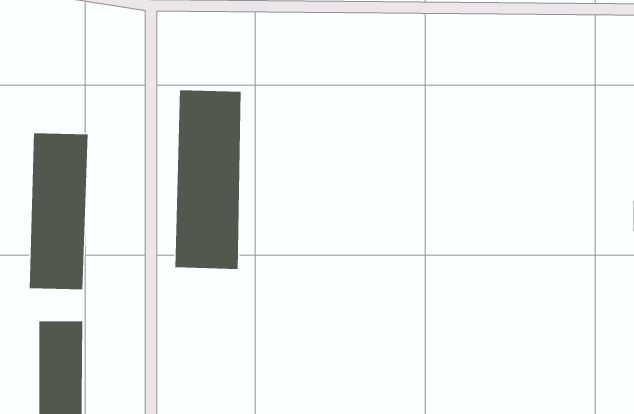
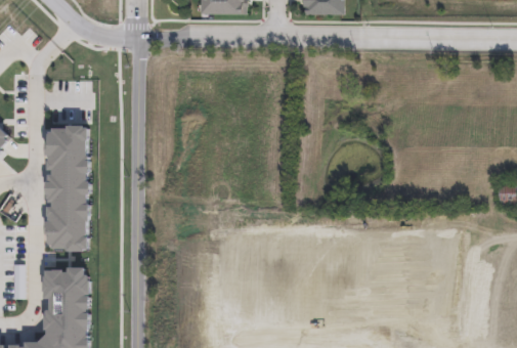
building: [175,89,241,270] -> none

